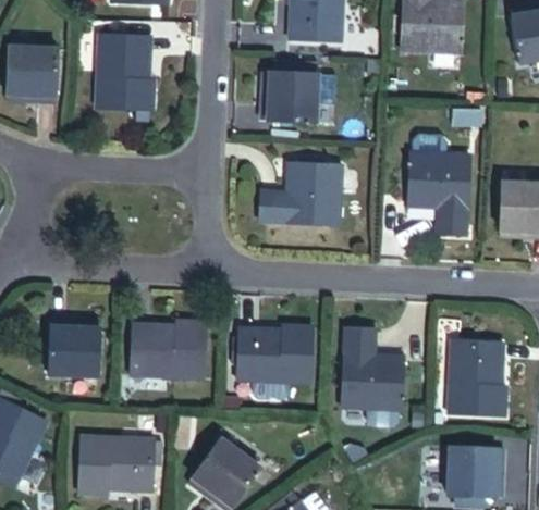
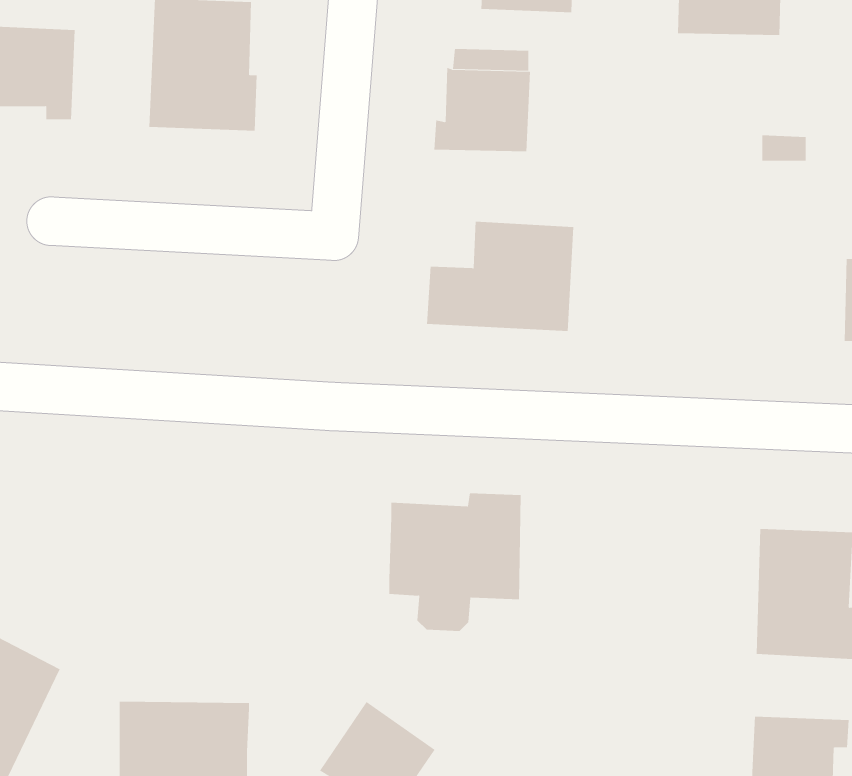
building: [408,135,468,235] -> none
building: [126,318,204,376] -> none
building: [48,321,98,377] -> none
building: [342,333,406,409] -> none

